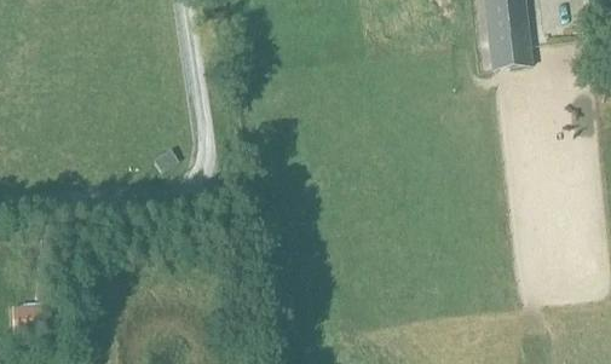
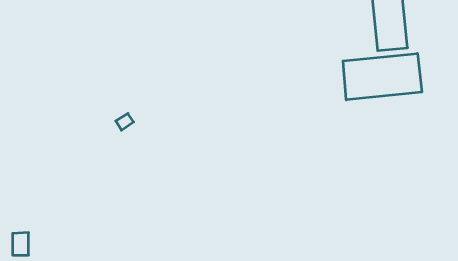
building: none -> [343,53,422,100]

